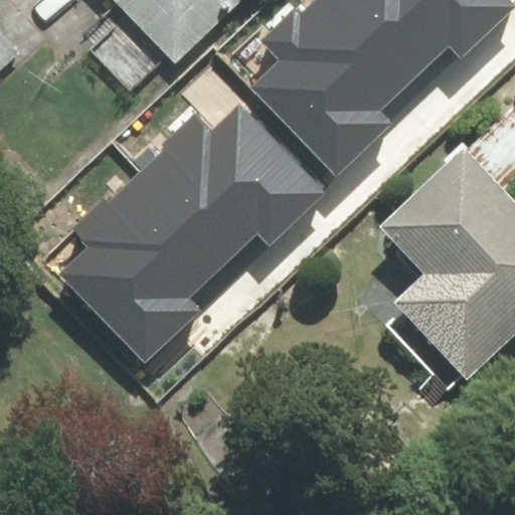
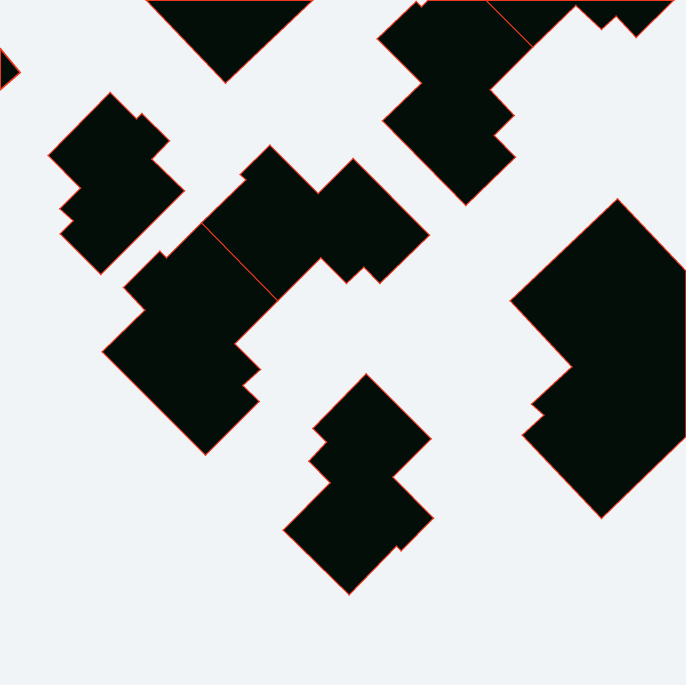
building: none -> [48,93,184,274]
building: none -> [283,374,434,595]

